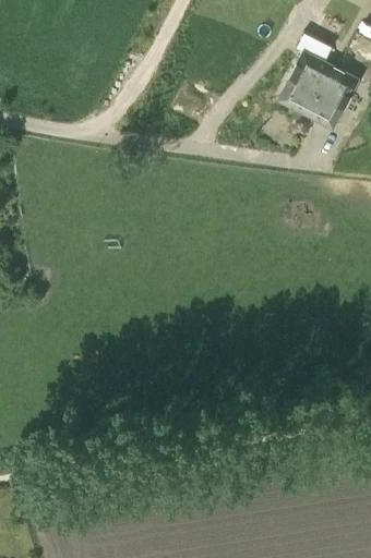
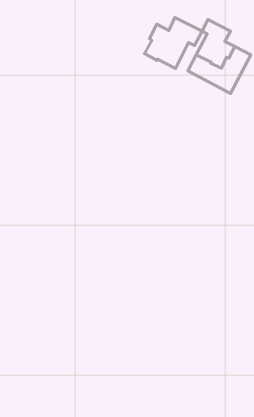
building: none -> [145,17,202,68]

